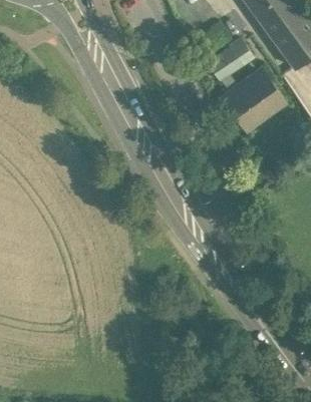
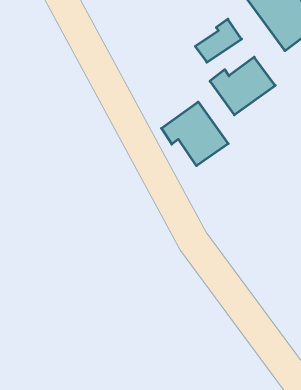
building: none -> [161,102,228,166]

